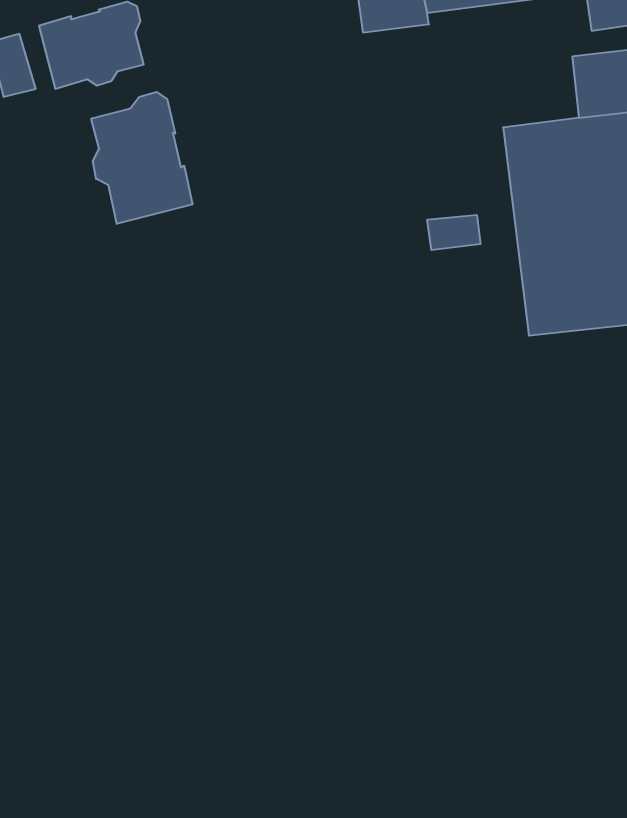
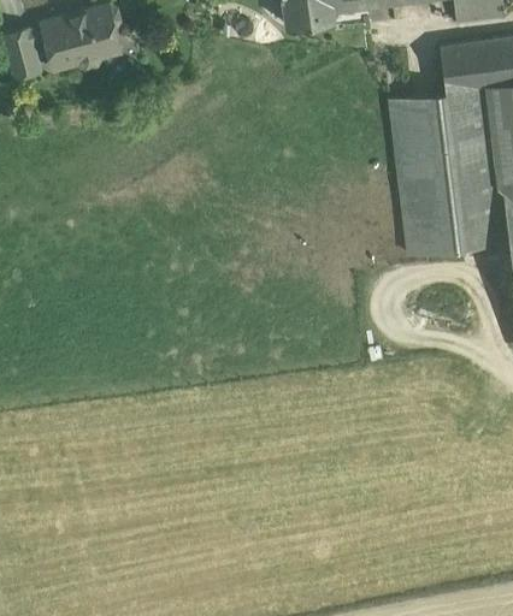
building: [91,92,193,224] -> none
building: [427,215,480,250] -> none

